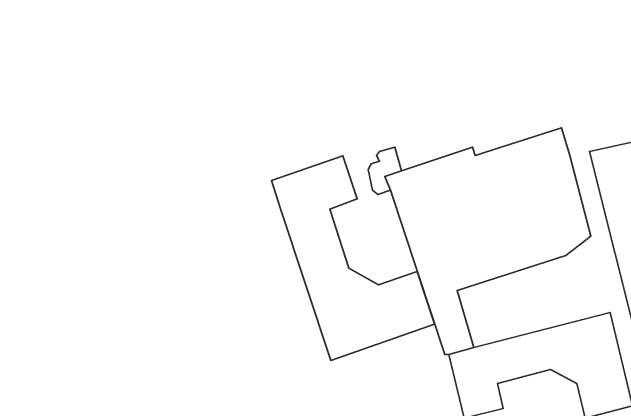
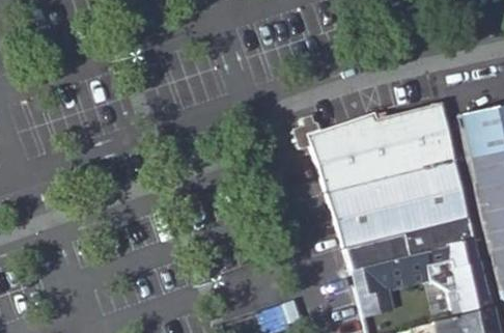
building: [272,156,434,360] -> none
building: none -> [361,182,475,265]

